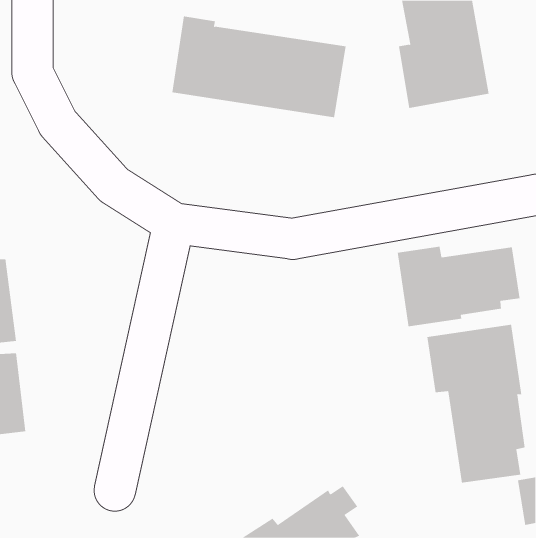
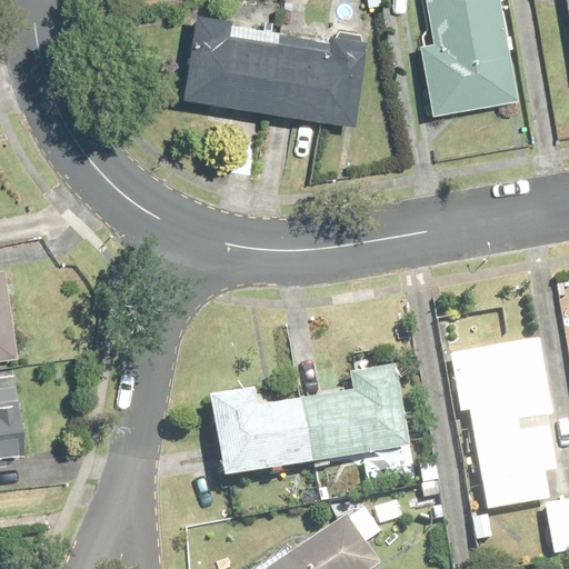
building: [397,246,520,327] -> none
building: none -> [210,365,413,475]

